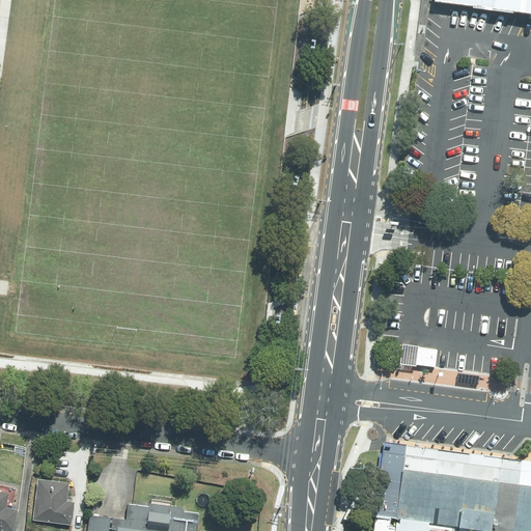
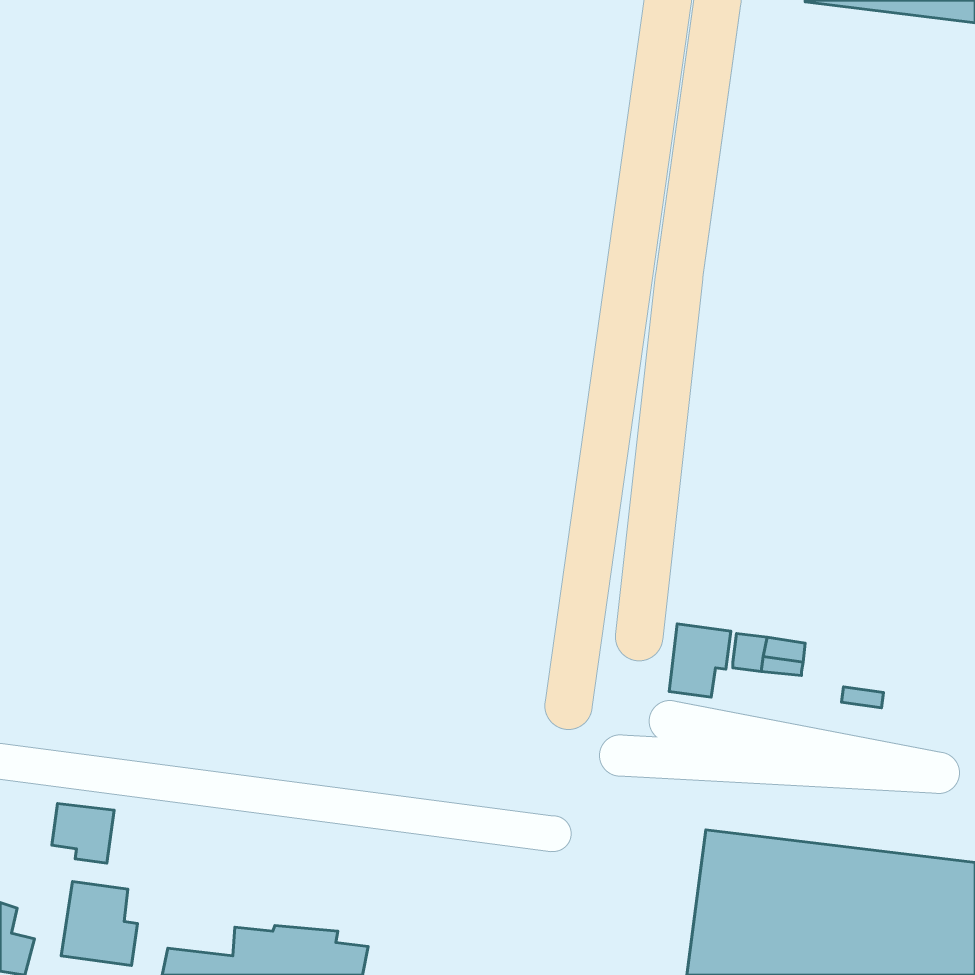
building: none -> [669,624,731,697]
building: none -> [52,804,114,863]

